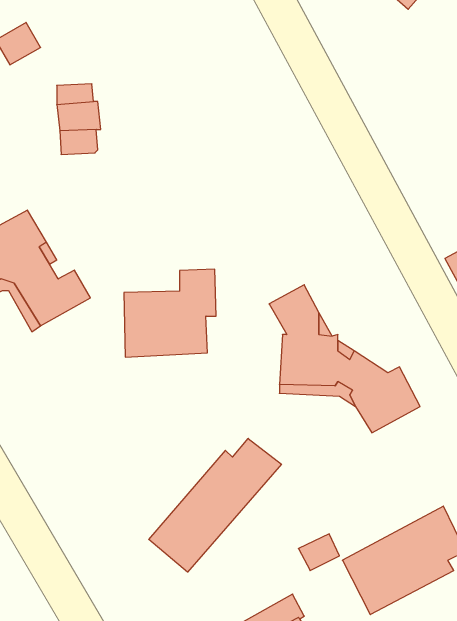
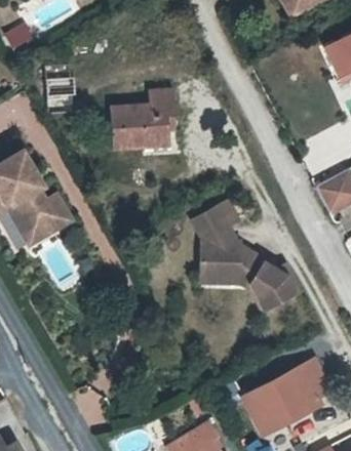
building: [124,269,216,357] -> [112,89,177,151]
building: [149,438,281,572] -> none

